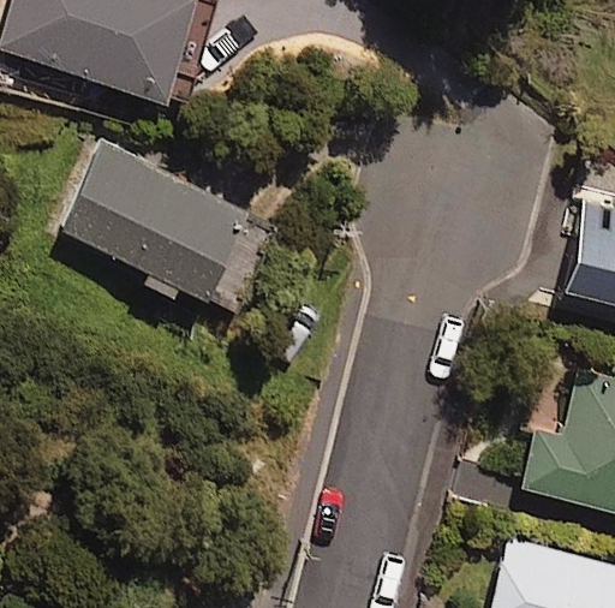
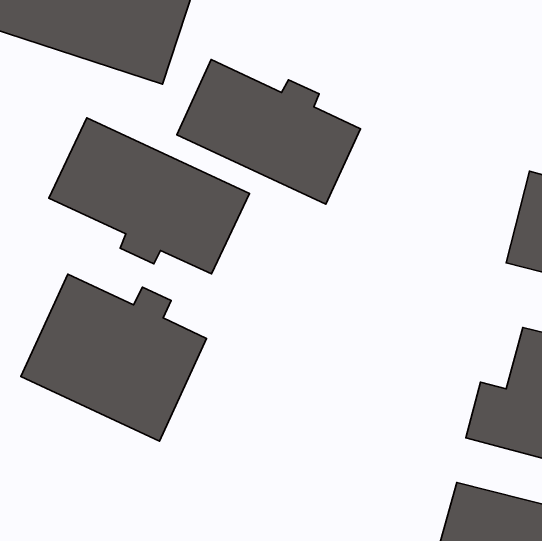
building: none -> [177,60,360,204]
building: none -> [21,274,207,441]

